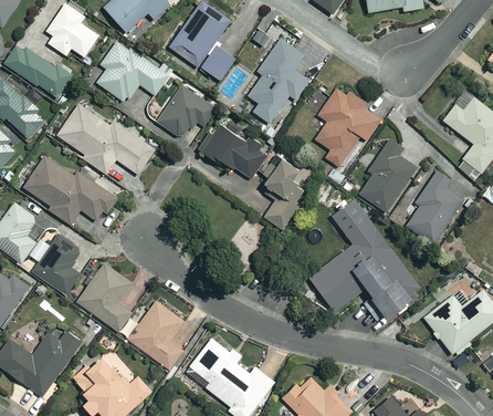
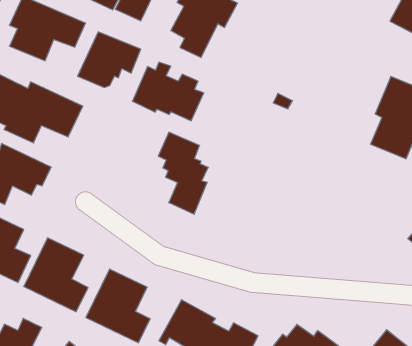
building: [312,87,380,167] -> none
building: [360,139,417,211] -> none
building: [259,153,302,230] -> [158,132,208,214]
building: [305,197,419,320] -> none

